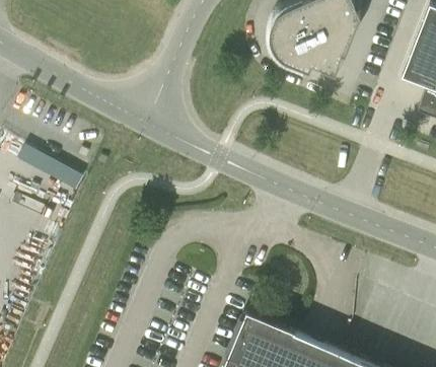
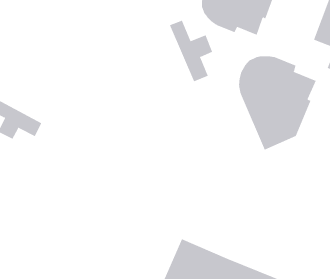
building: none -> [169,20,213,82]
building: none -> [239,55,316,150]

